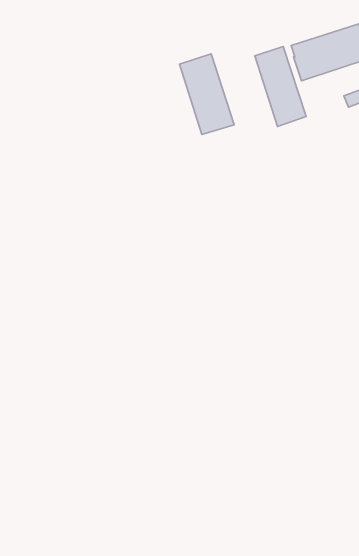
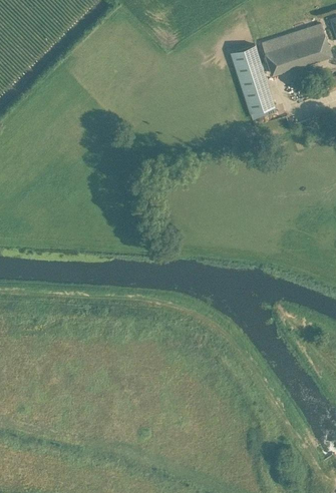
building: [179,54,234,134] -> none

